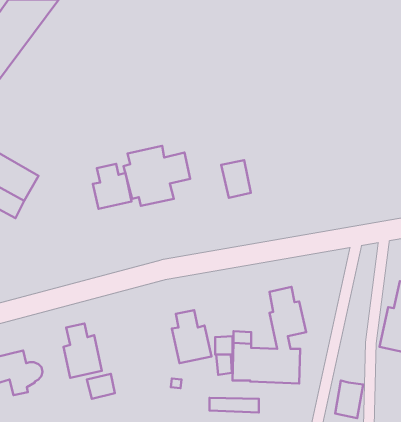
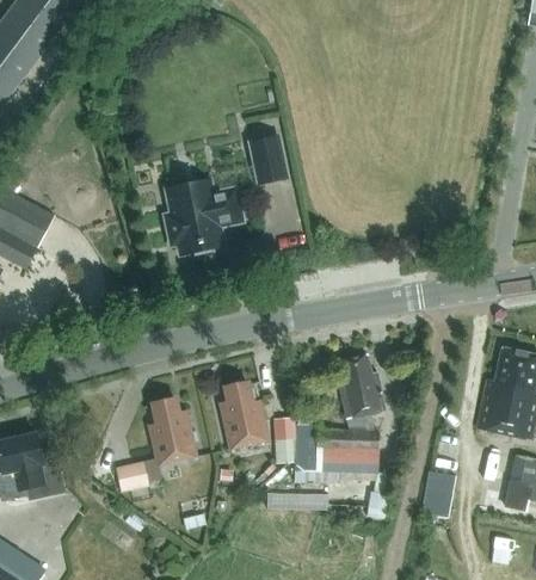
building: [221,160,251,198] -> [249,137,287,184]
building: [93,164,132,209] -> none
building: [63,324,102,378] -> [149,399,197,465]

